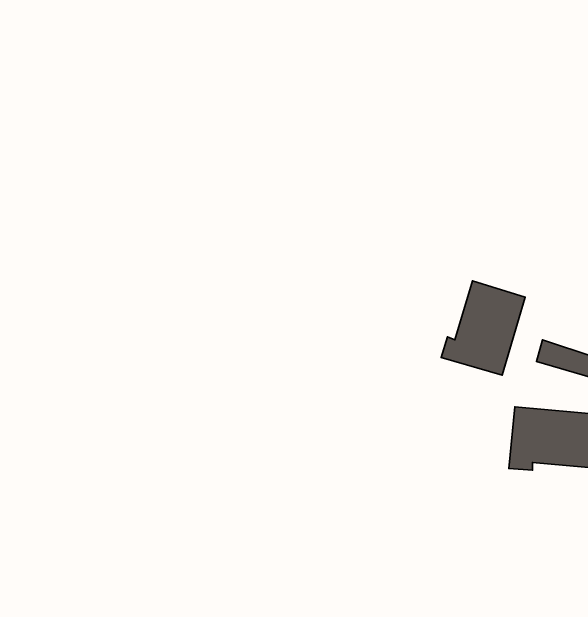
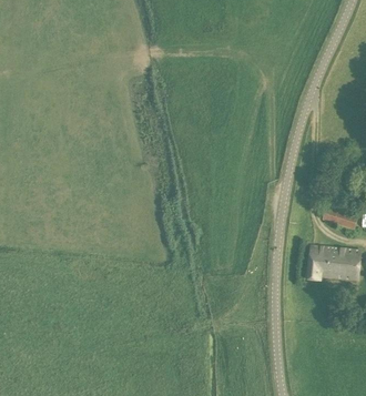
building: [441,281,525,375] -> none

